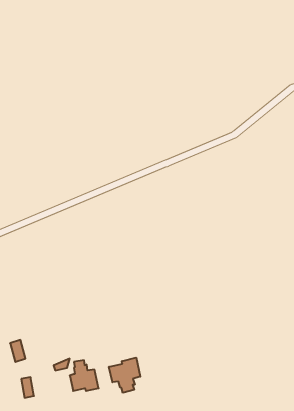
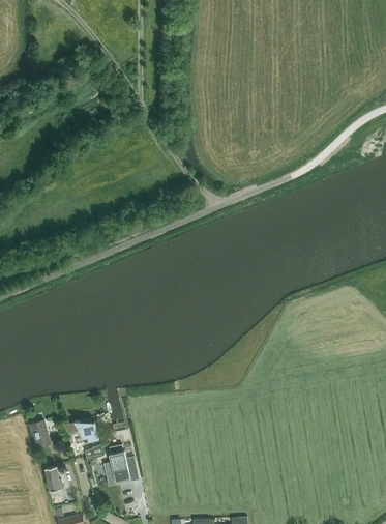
building: none -> [65,419,99,443]
building: [109,358,140,393] -> none

